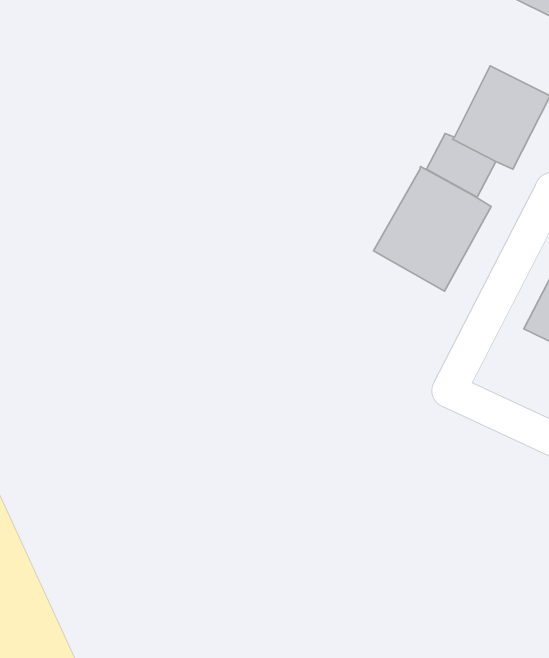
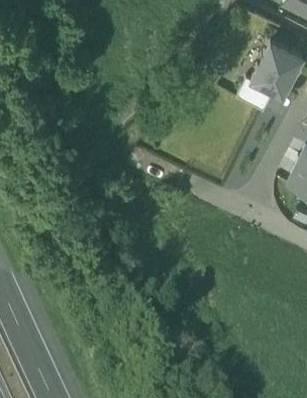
building: [374,166,491,291] -> none

